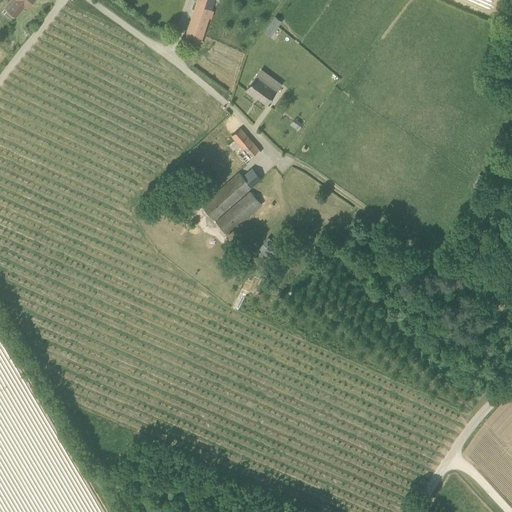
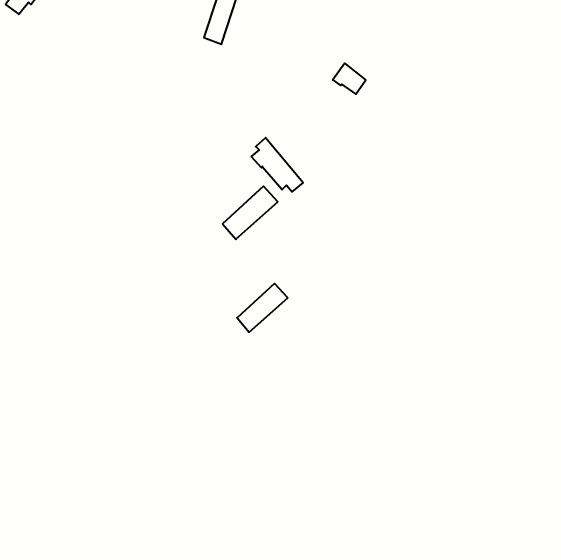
building: [248,73,278,101] -> [333,63,366,94]
building: [218,188,264,232] -> [237,284,288,332]

